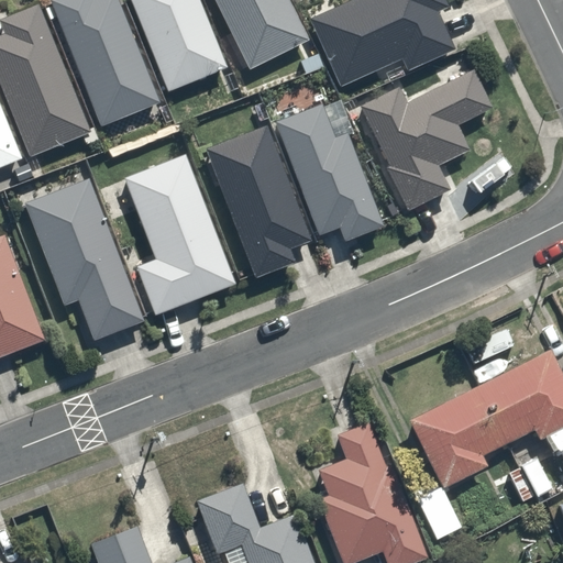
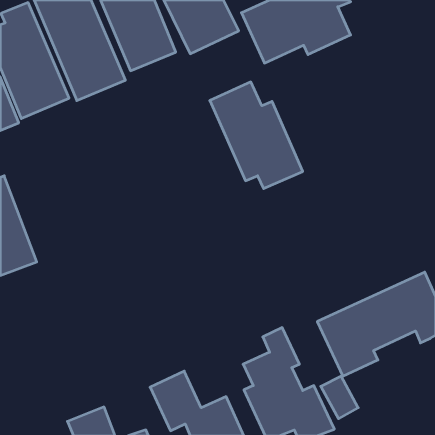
building: [356,73,492,212] -> none
building: [203,123,313,279] -> none
building: [119,154,239,316] -> none
building: [20,177,147,343] -> none

